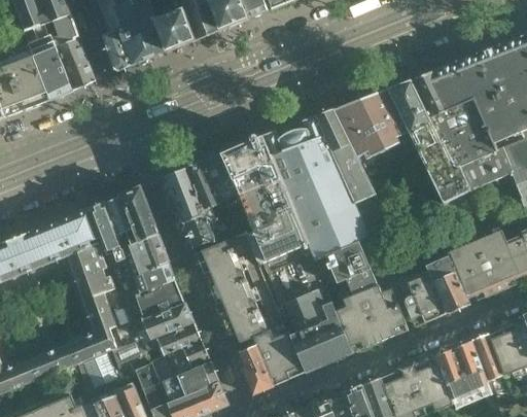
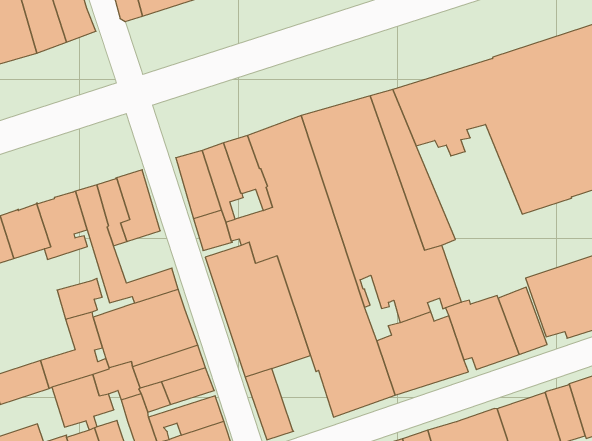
building: [122,234,170,277] -> none
building: [71,250,108,286] -> none
building: [254,324,306,384] -> none

